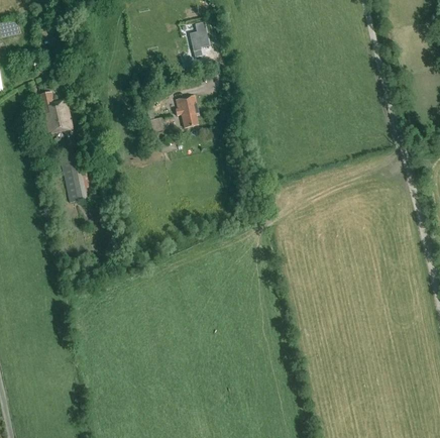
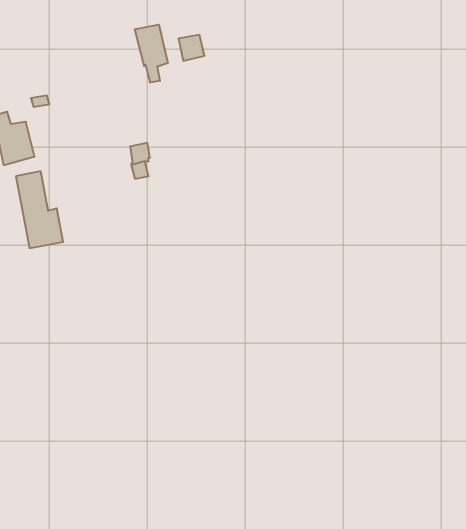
building: none -> [135,25,168,83]
building: [175,97,198,128] -> none

